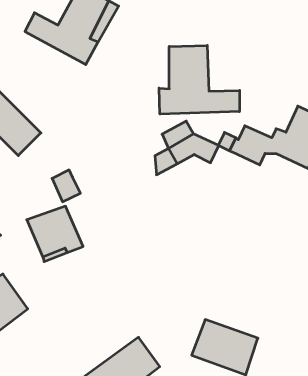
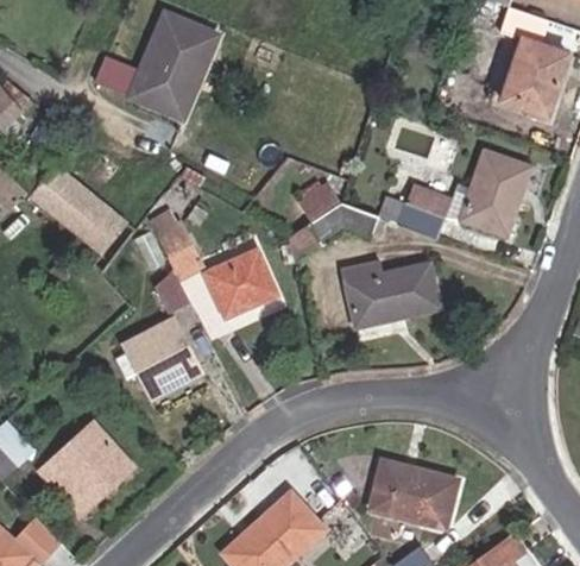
building: [159,45,240,114] -> none
building: none -> [151,213,201,278]
building: none -> [204,251,276,319]
building: none -> [341,264,440,328]

